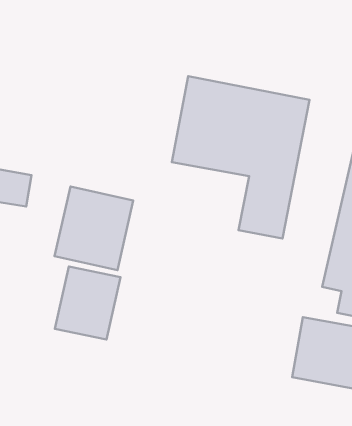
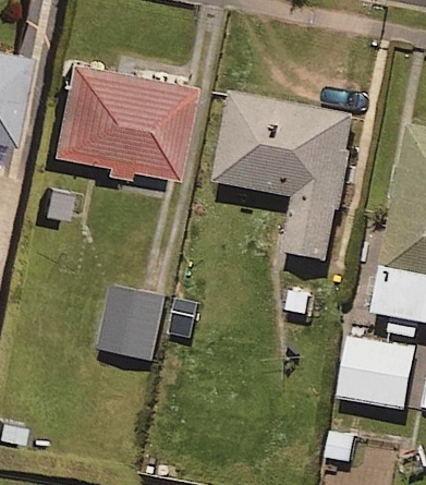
building: none -> [47,61,185,181]
building: [55,186,133,270] -> none

